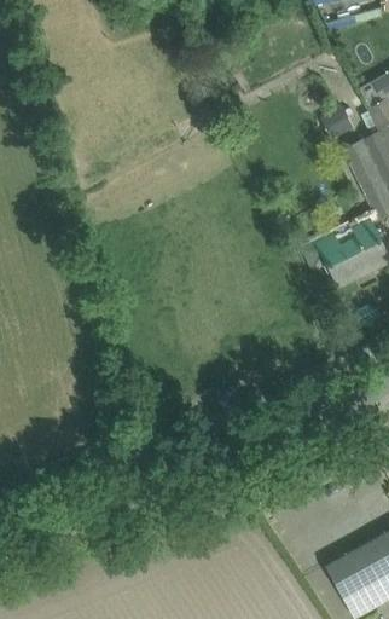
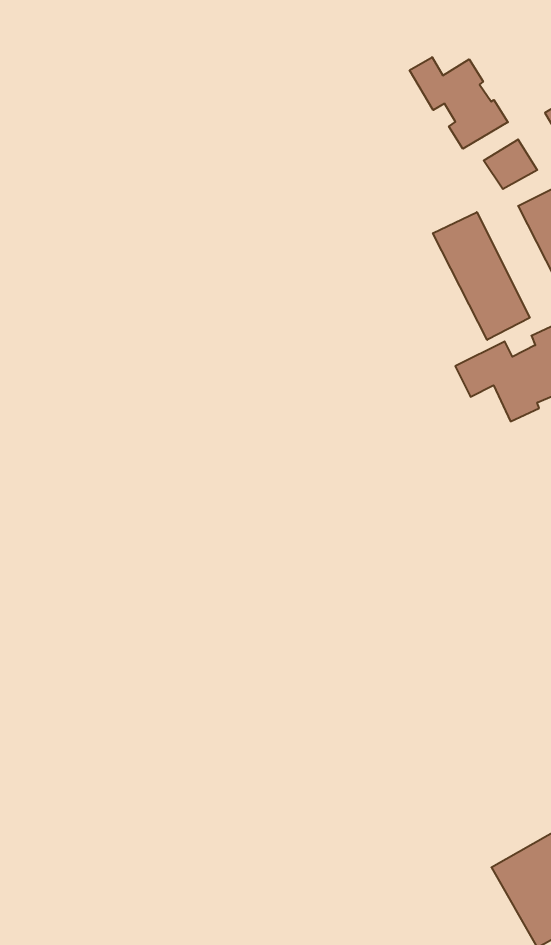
building: none -> [410,57,508,149]
building: none -> [433,212,530,340]

